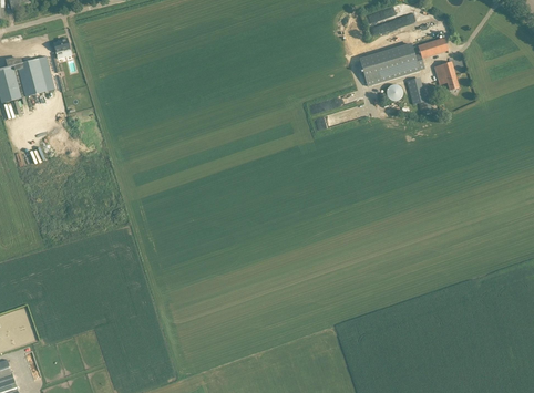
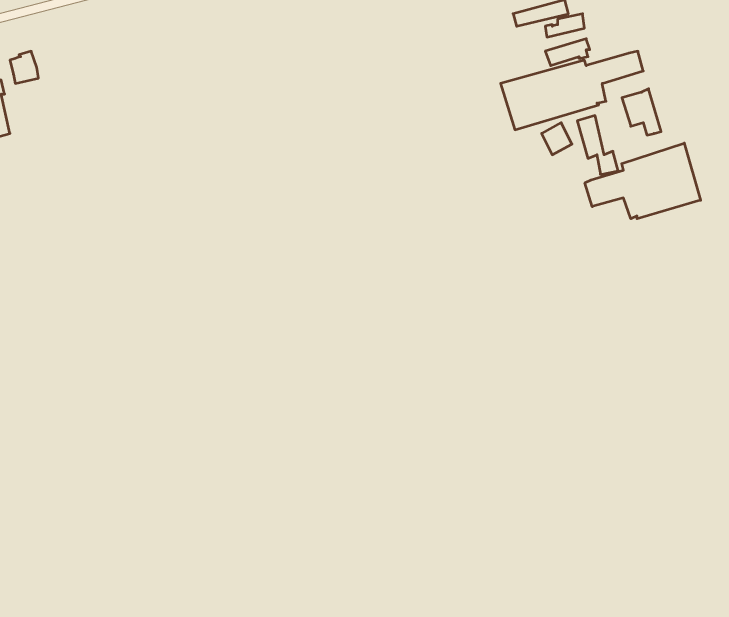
building: none -> [585,143,701,219]

